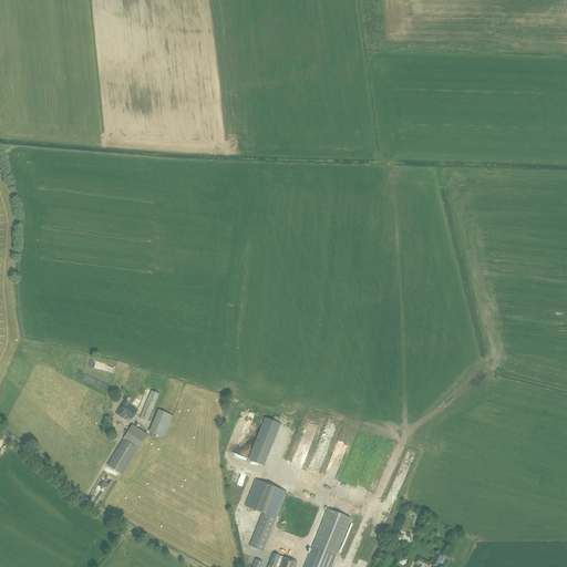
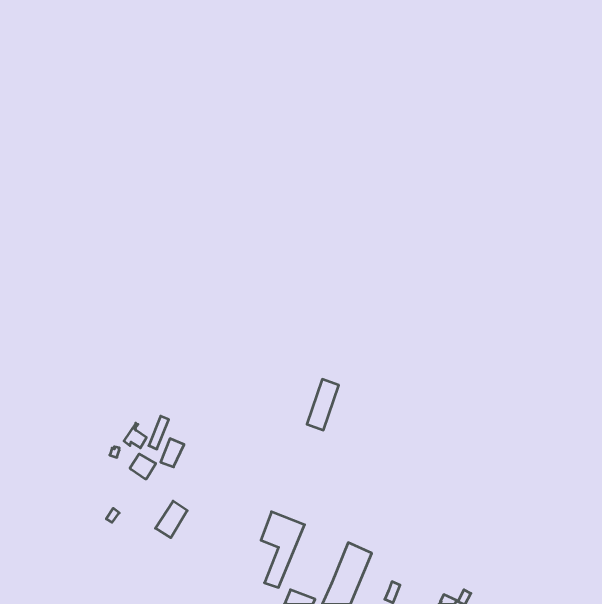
building: [249,414,279,462] -> [307,379,339,430]
building: [106,440,136,474] -> [155,501,187,538]

